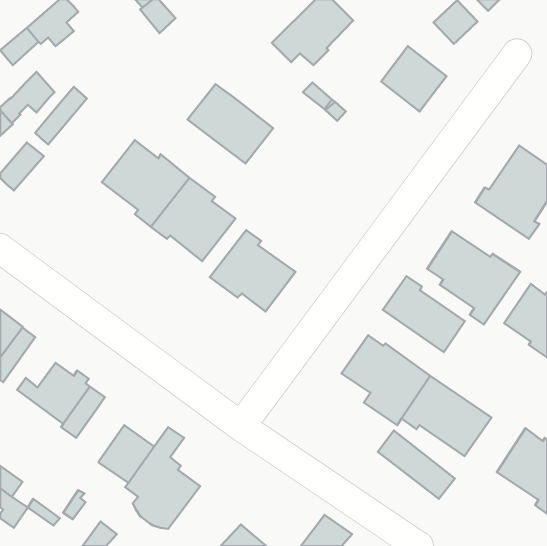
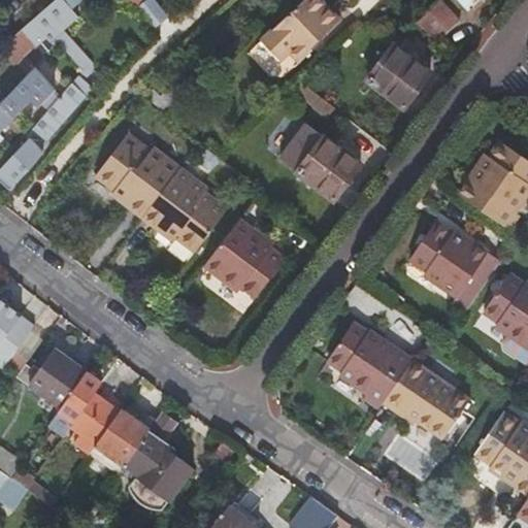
building: [188,84,273,163] -> [278,123,361,199]
building: [383,276,465,352] -> none
building: none -> [71,393,124,443]

